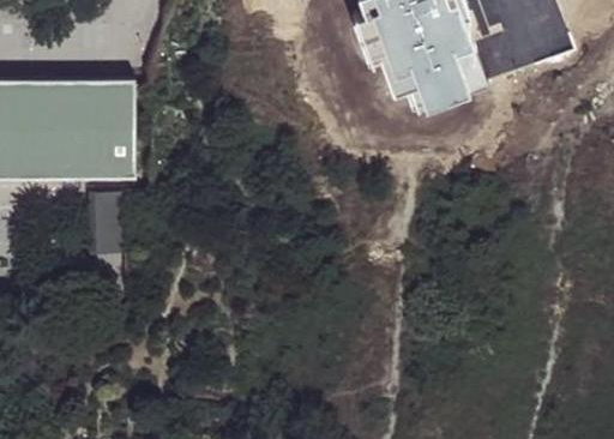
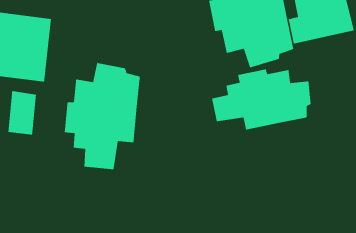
building: none -> [211,68,311,130]
building: none -> [64,62,141,170]

